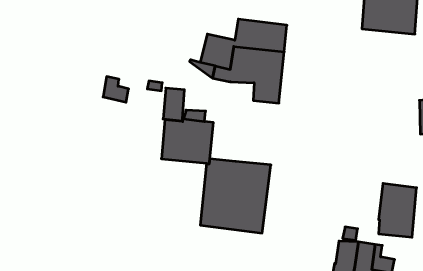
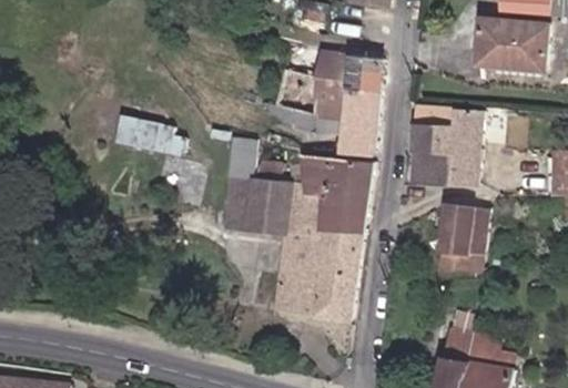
building: none -> [410,106,483,187]
building: none -> [114,115,156,149]
building: none -> [301,155,373,234]
building: [379,183,417,237] -> [439,204,487,272]

